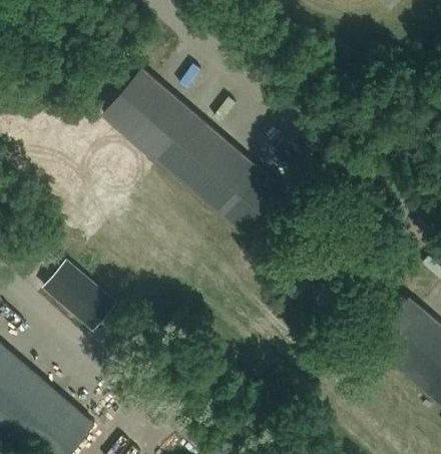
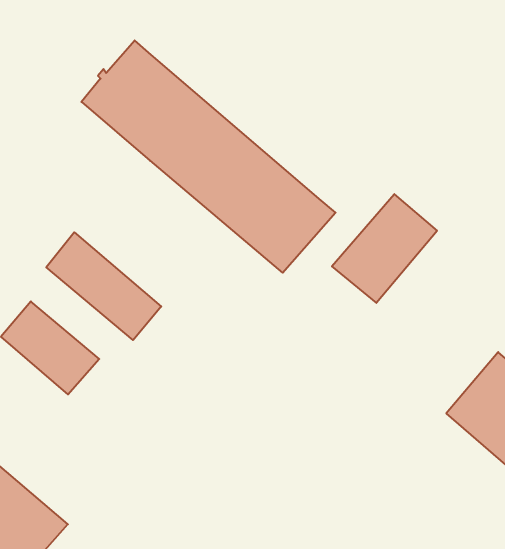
building: none -> [332,194,437,303]
building: none -> [46,232,161,340]

